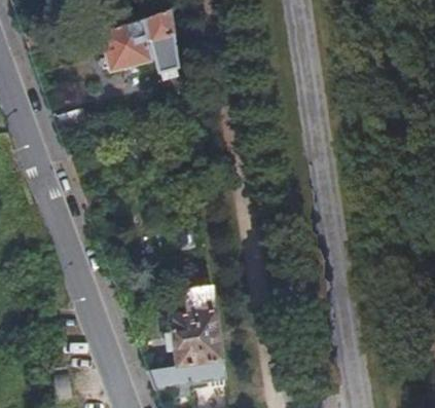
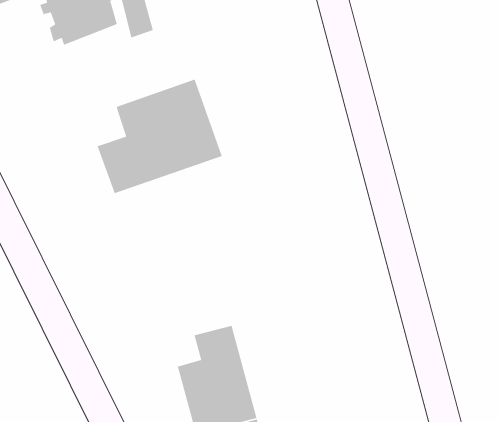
building: none -> [97,79,223,194]

